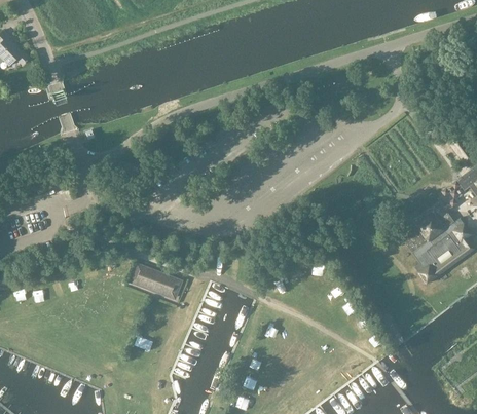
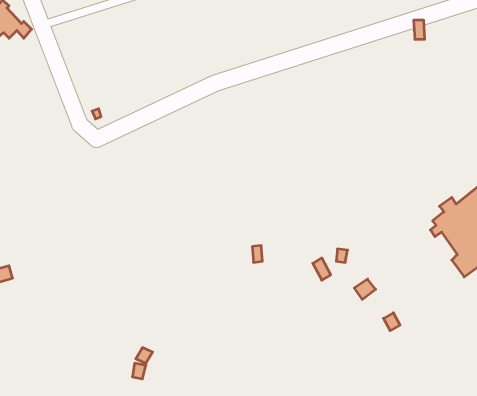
building: [134,265,182,298] -> none

